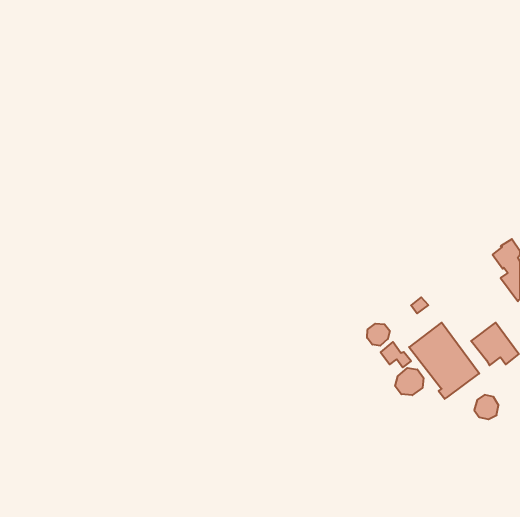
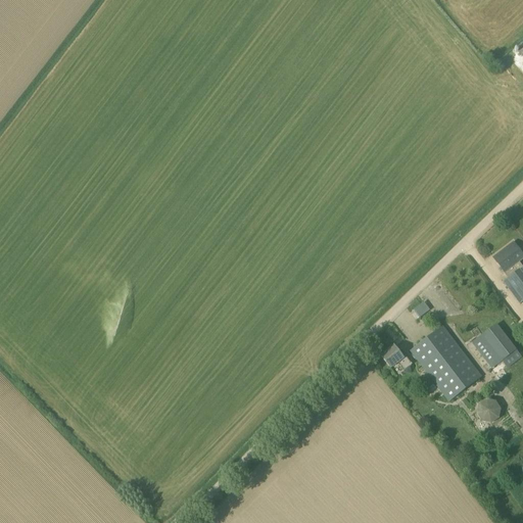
building: [367,324,390,346] -> none
building: [395,368,423,395] -> none

